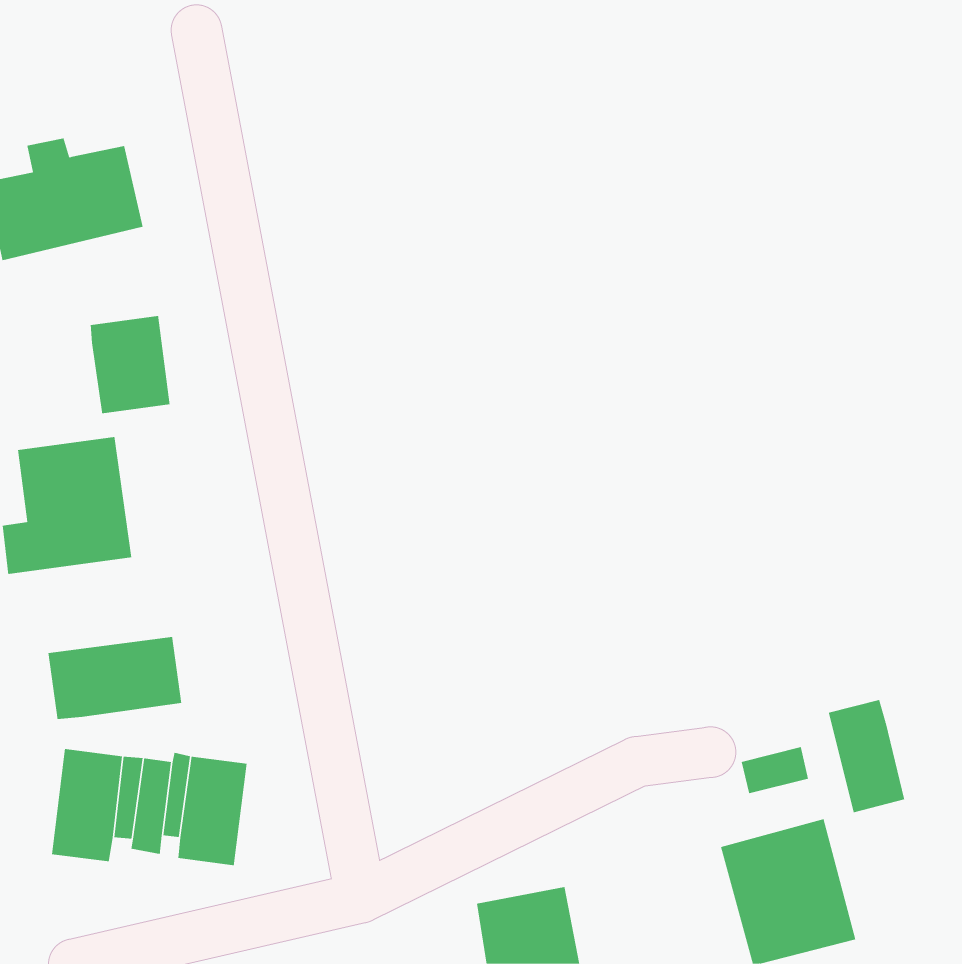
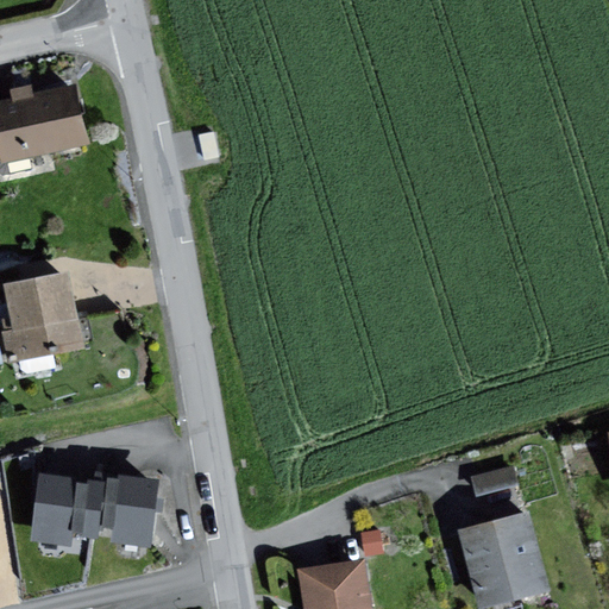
building: [90,315,170,414] -> none
building: [48,636,182,720] -> none
building: [828,699,905,813] -> none

